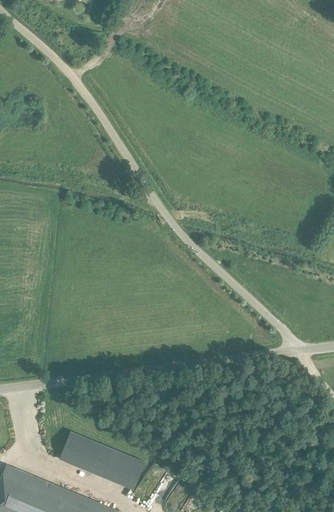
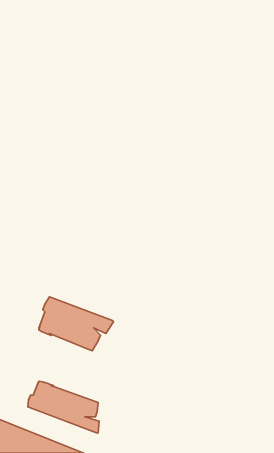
building: none -> [39,297,114,351]

